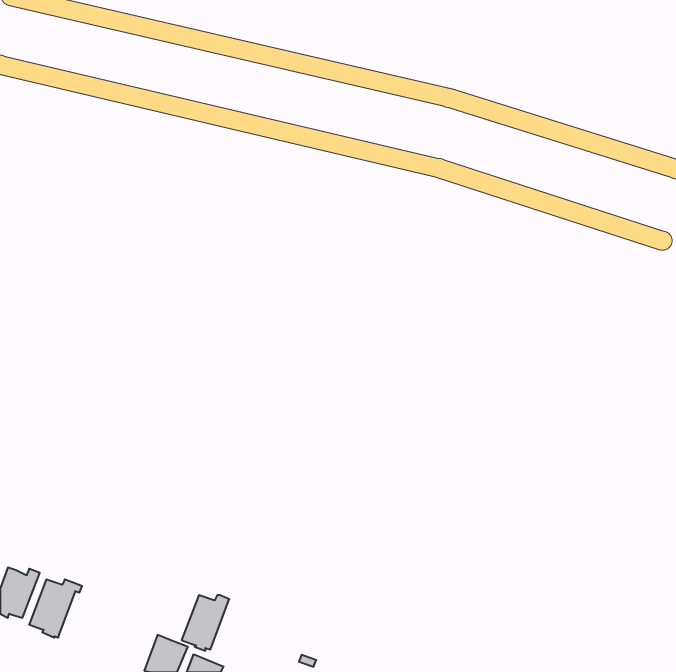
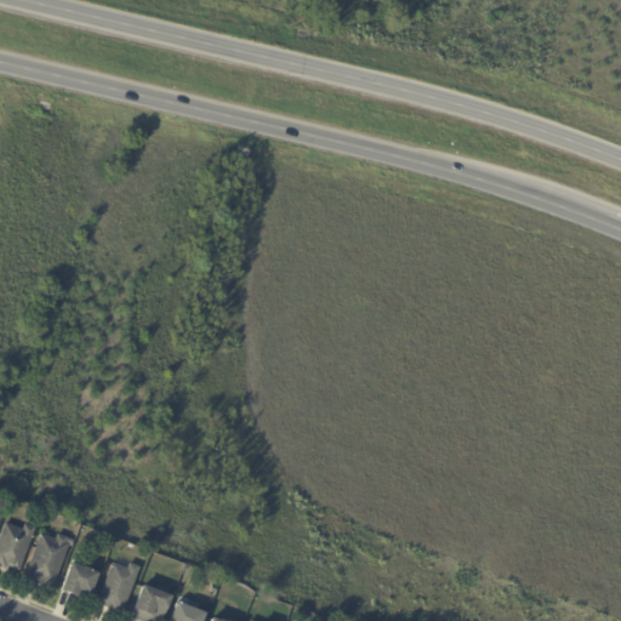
building: [182,595,229,651] -> [98,560,142,611]
building: none -> [62,562,98,593]

